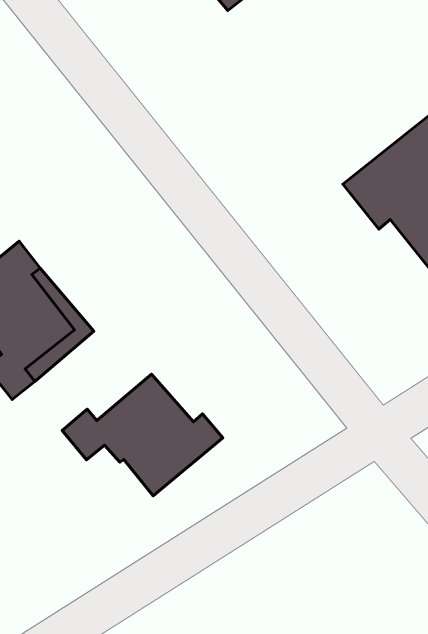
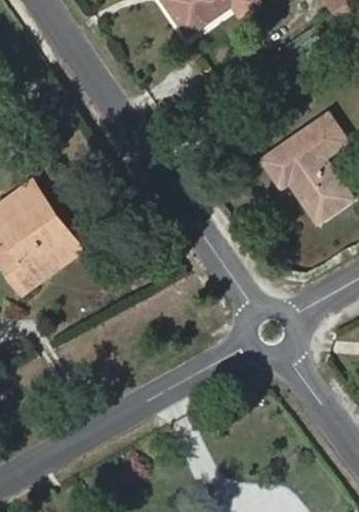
building: [62,374,223,496] -> none

